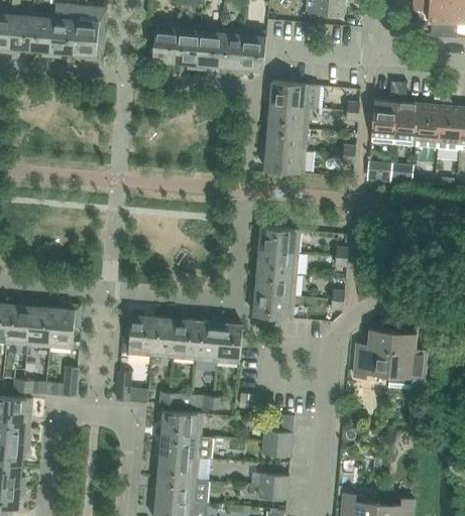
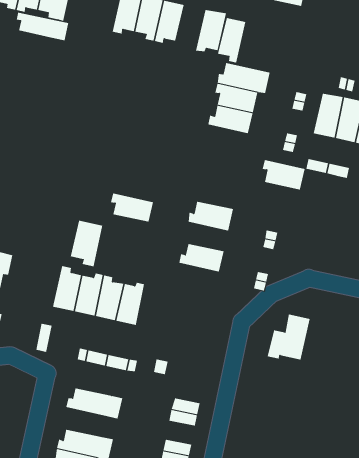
building: [219,28,244,74] -> [217,17,246,63]
building: none -> [16,12,69,41]
building: [261,147,306,173] -> [262,160,305,190]
building: [254,249,299,274] -> [110,193,154,222]
building: none -> [70,220,103,267]
building: [250,292,295,319] -> none
building: [217,318,243,364] -> none
building: [388,332,427,389] -> none
building: [158,410,203,436] -> none
building: [154,455,199,480] -> none

